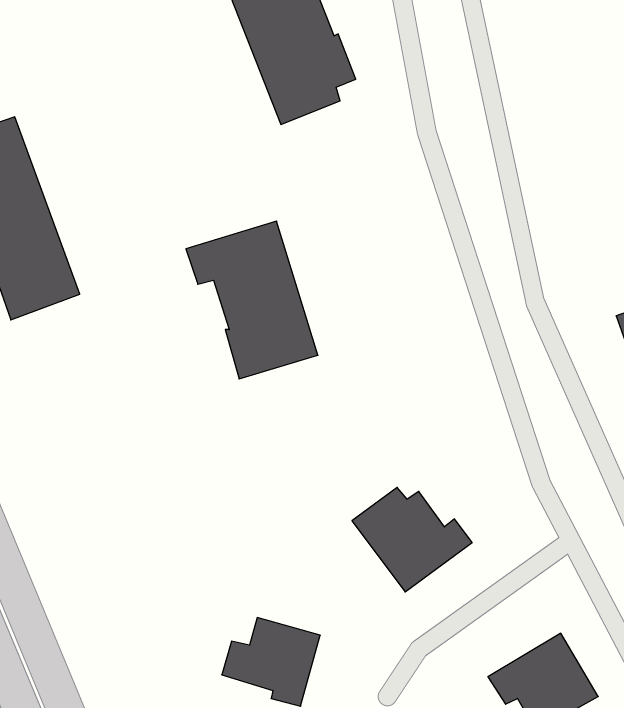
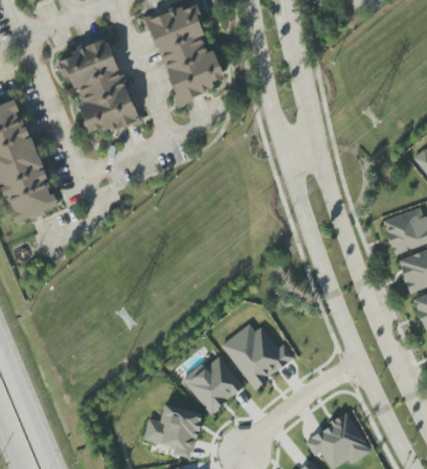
building: [186,221,318,379] -> [55,39,135,135]
building: none -> [184,354,243,413]

